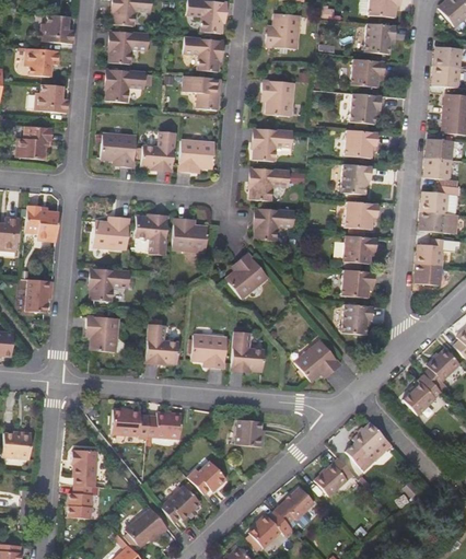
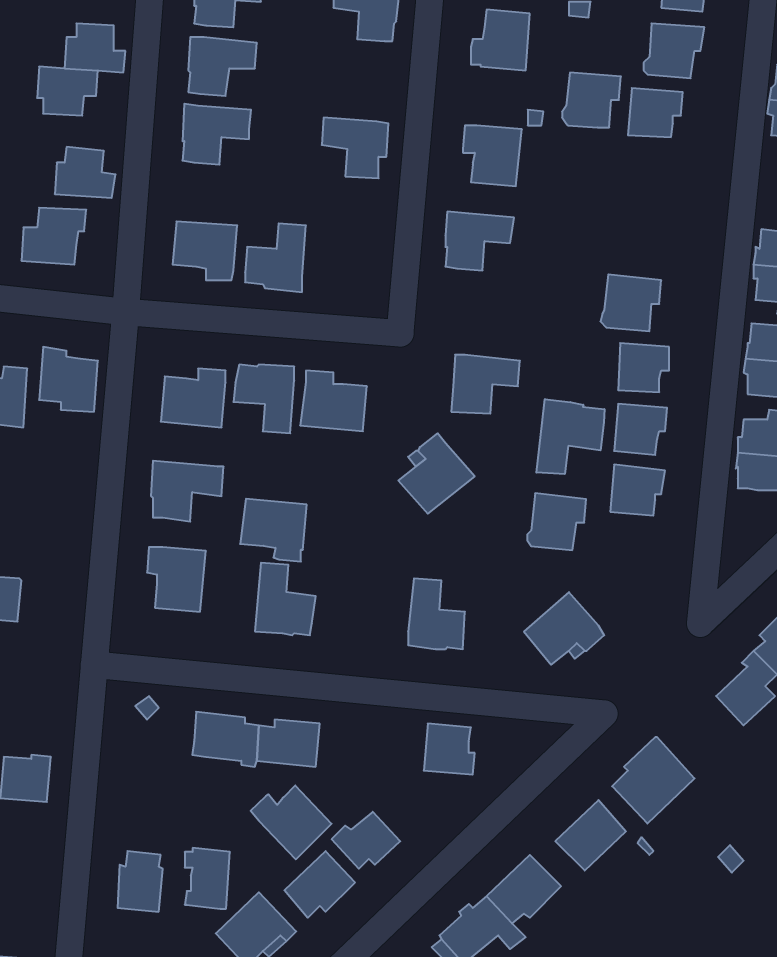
building: [186,37,223,71] -> none
building: [348,93,381,124] -> [562,73,621,127]
building: [347,130,377,158] -> none
building: [178,140,213,172] -> none
building: [248,167,286,201] -> none
building: none -> [536,399,604,474]
building: [25,278,53,311] -> none
building: [339,303,372,335] -> [527,493,586,550]
building: [190,334,228,369] -> [240,499,307,562]
building: none -> [251,785,332,859]
building: [73,453,98,487] -> [185,848,230,909]

